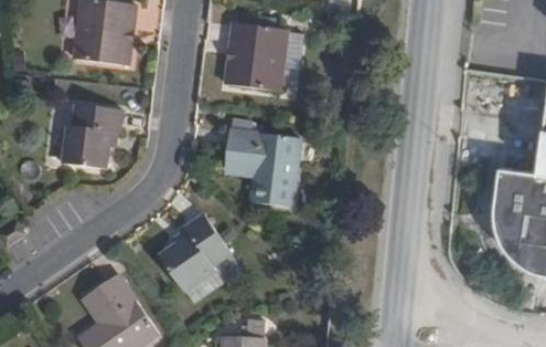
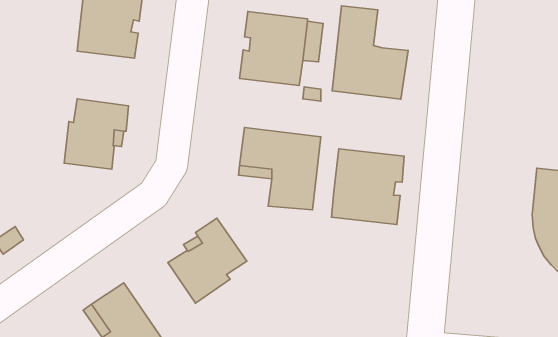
building: none -> [332,6,408,99]
building: none -> [331,149,404,225]

